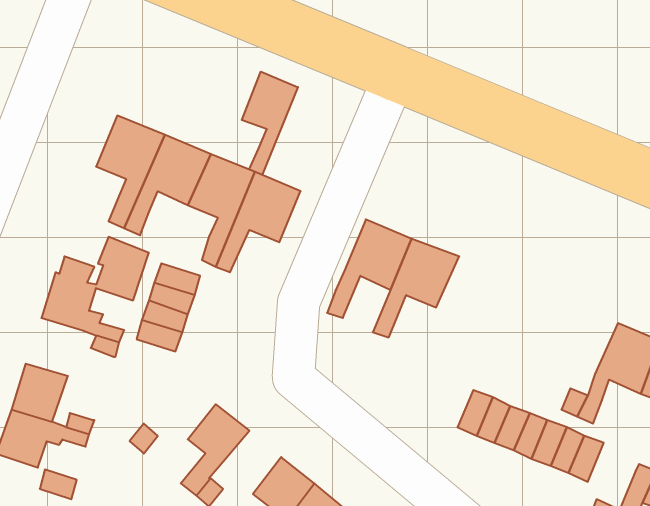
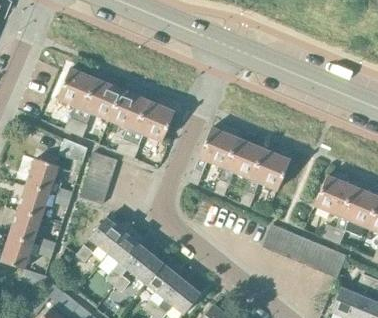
building: [242,72,298,175] -> none
building: none -> [241,149,290,206]
building: none -> [315,176,354,216]
building: none -> [18,184,50,217]
building: none -> [91,218,126,253]
building: none -> [128,248,163,284]

